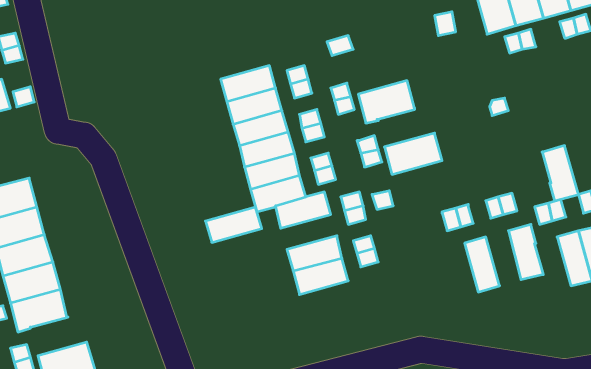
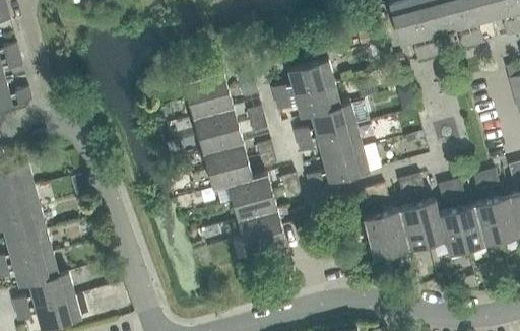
building: none -> [287,60,334,93]
building: none -> [310,102,356,136]
building: [542,146,578,201] -> [438,209,467,254]
building: none -> [322,147,369,182]
building: [205,207,262,242] -> [232,191,277,219]
building: none -> [398,204,427,249]
building: none -> [363,214,392,259]
building: none -> [28,271,74,306]

